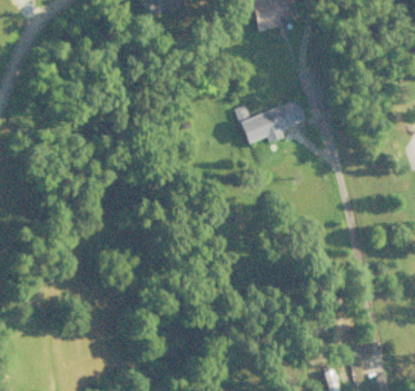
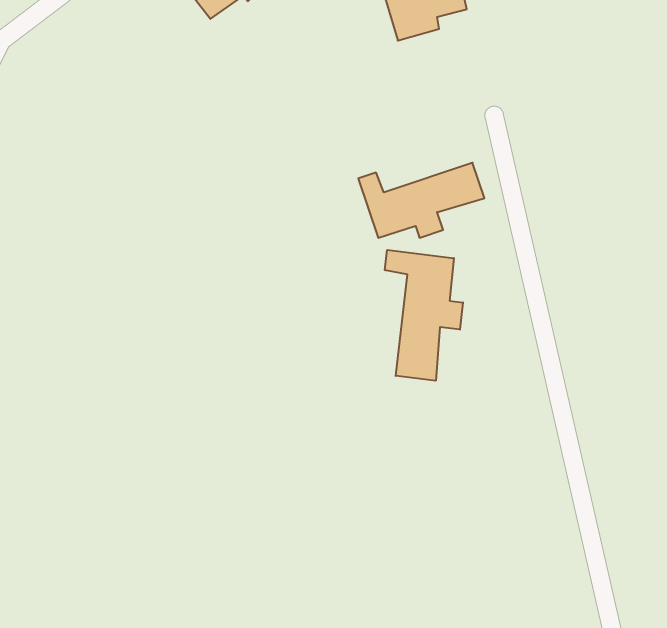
building: none -> [385,250,463,381]

